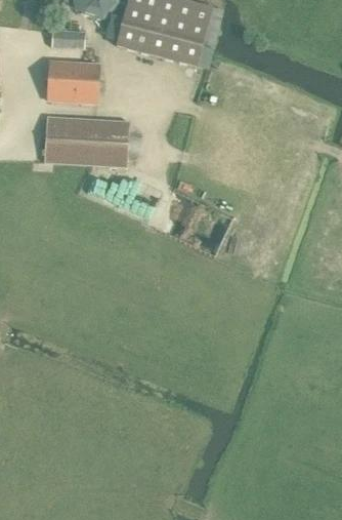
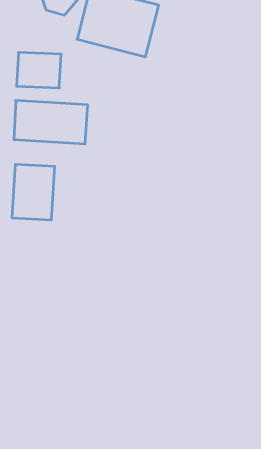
building: [51,30,85,48] -> none
building: none -> [12,164,55,220]

